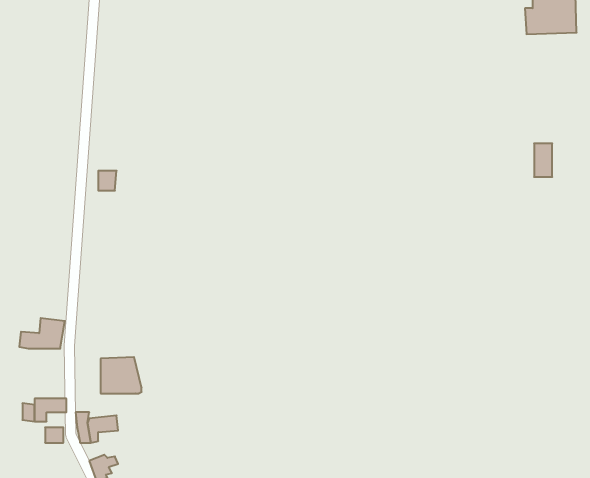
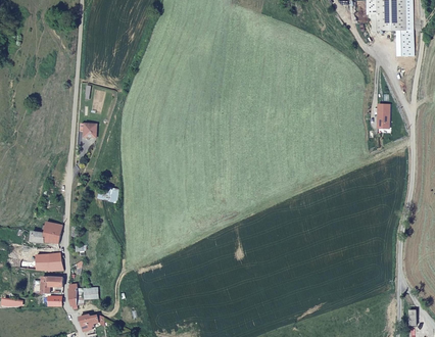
building: [101,357,142,393] -> [35,246,62,271]

